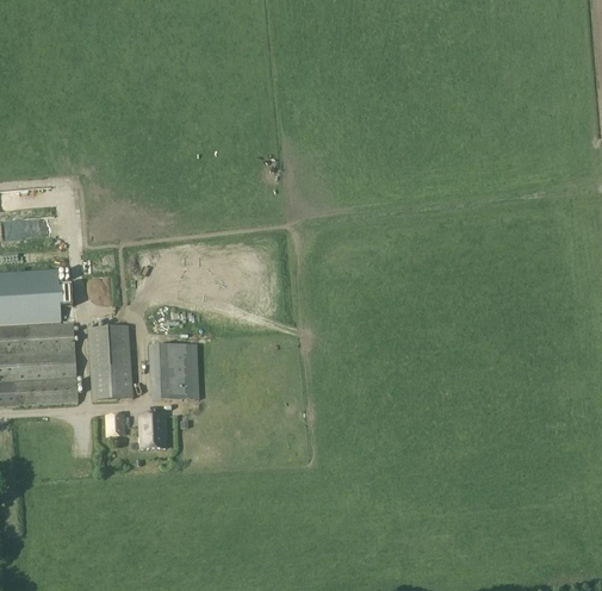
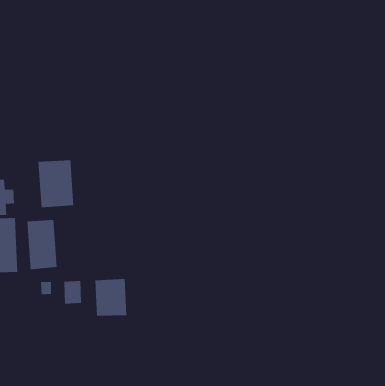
building: none -> [38,159,74,208]
building: [151,343,198,397] -> [94,279,127,316]

